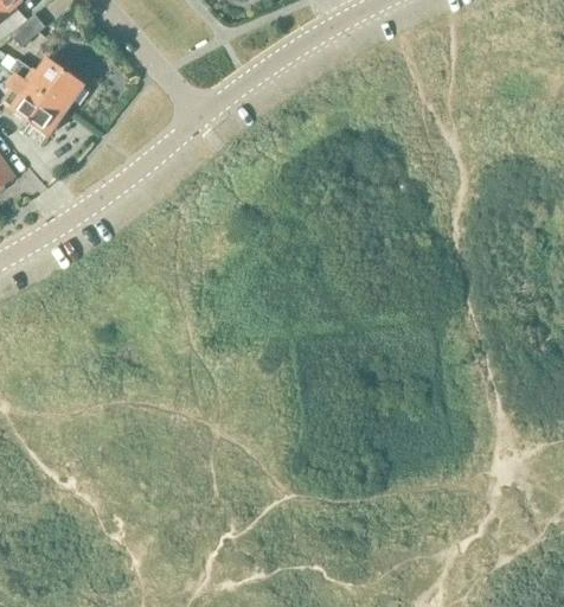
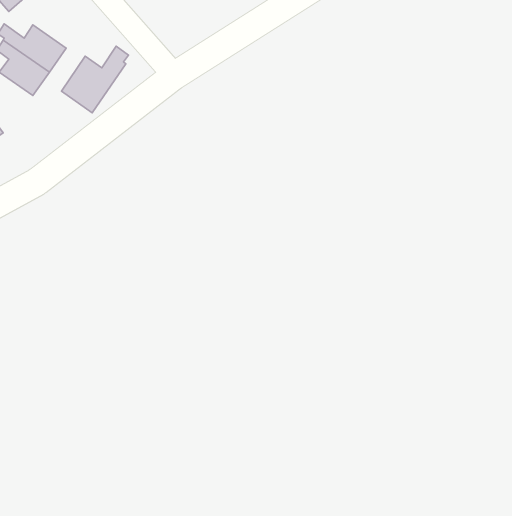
building: none -> [61,46,128,113]

